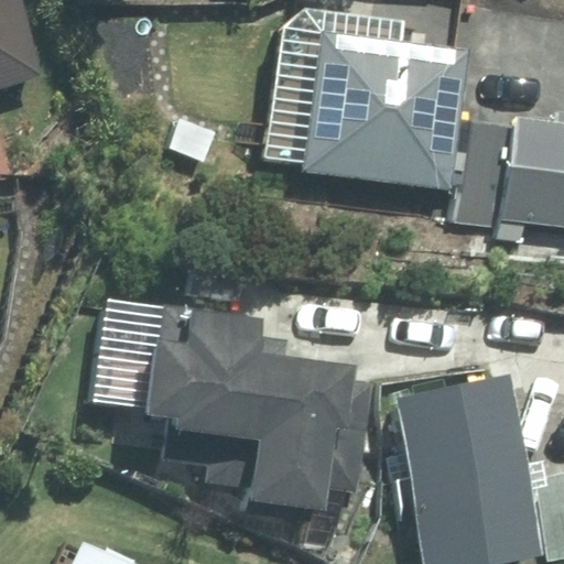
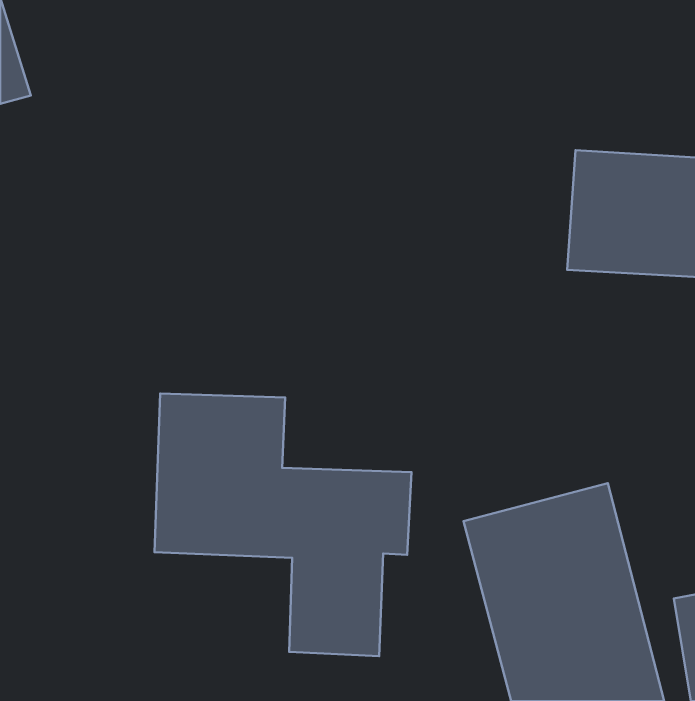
building: [304,30,465,183] -> none

